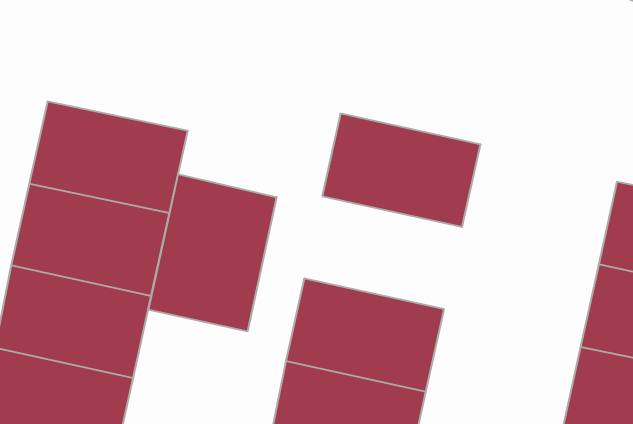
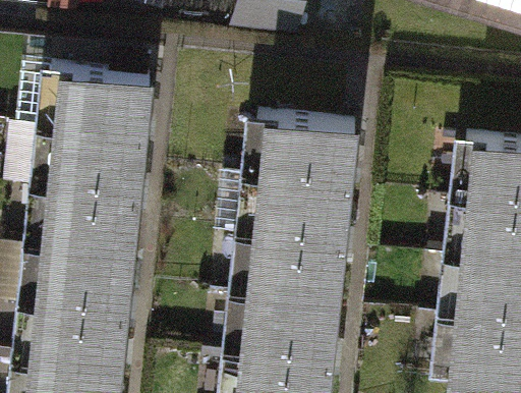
building: none -> [45,66,155,136]
building: [148,174,277,331] -> none
building: none -> [245,172,355,243]

